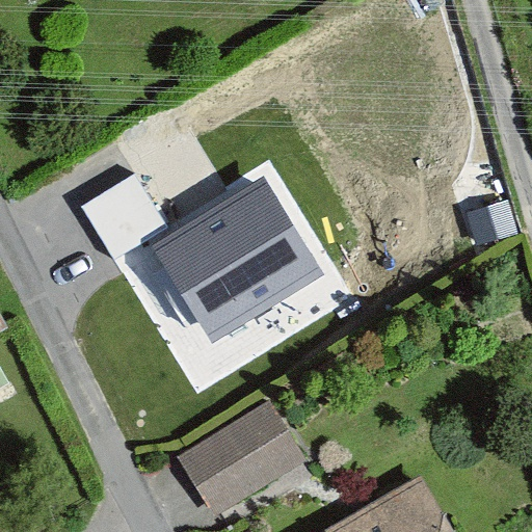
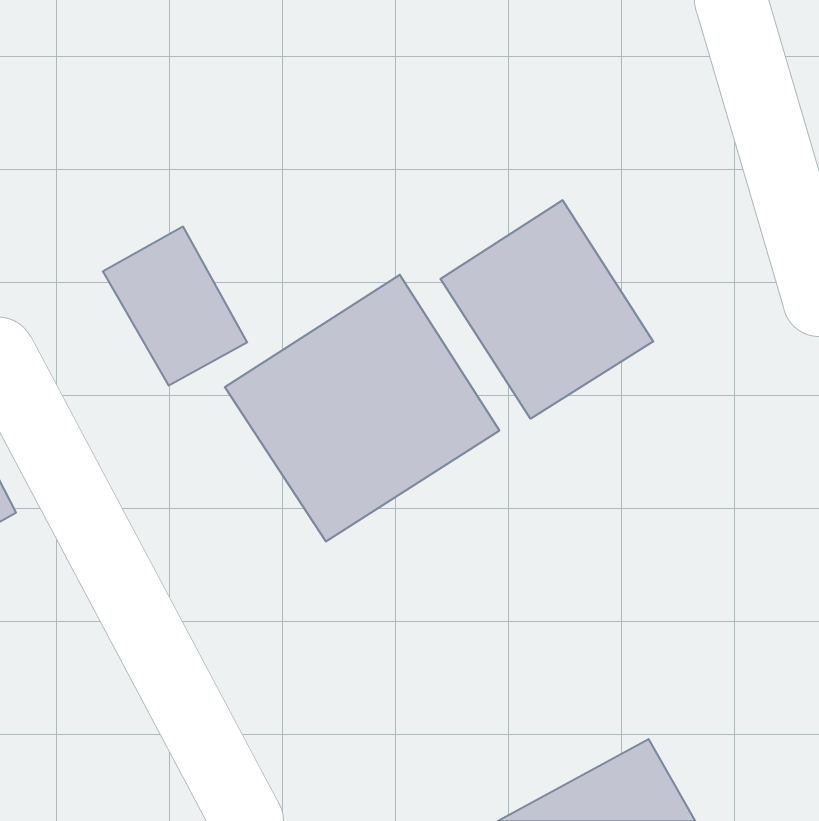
building: none -> [440,200,653,419]
building: [179,403,303,515] -> none

